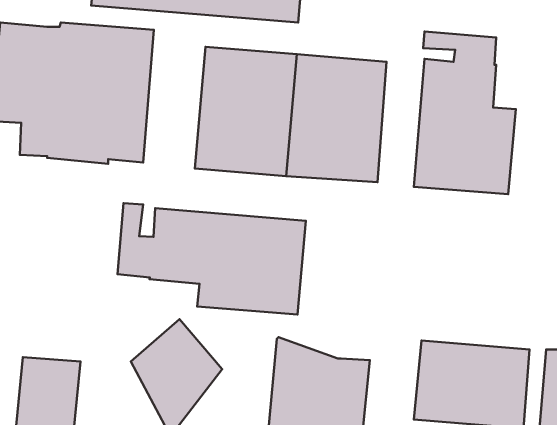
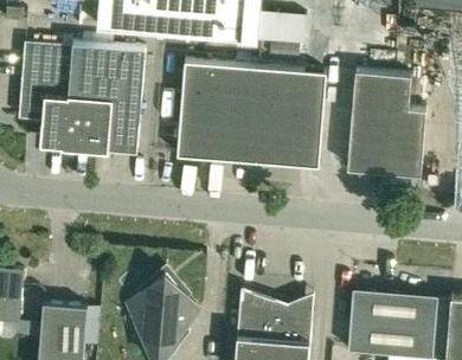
building: [118,203,306,314] -> none

